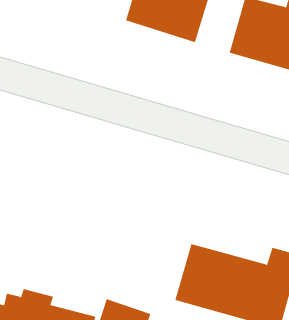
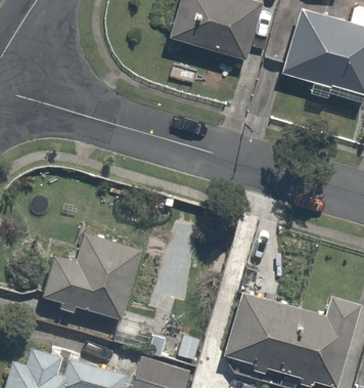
building: none -> [43,234,138,317]

